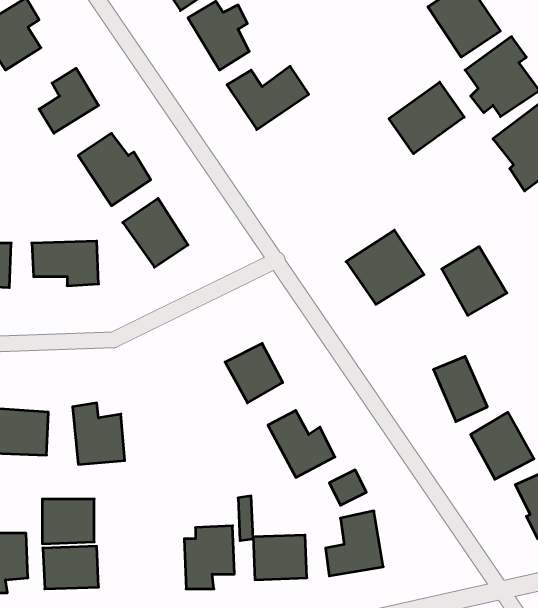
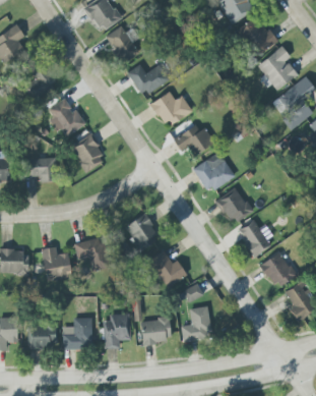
building: [389,82,464,154] -> none
building: none -> [151,92,192,126]
building: none -> [174,124,211,154]
building: [442,247,507,315] -> [216,187,252,225]
building: none -> [74,236,112,271]
building: [42,499,94,544] -> [63,325,91,349]

